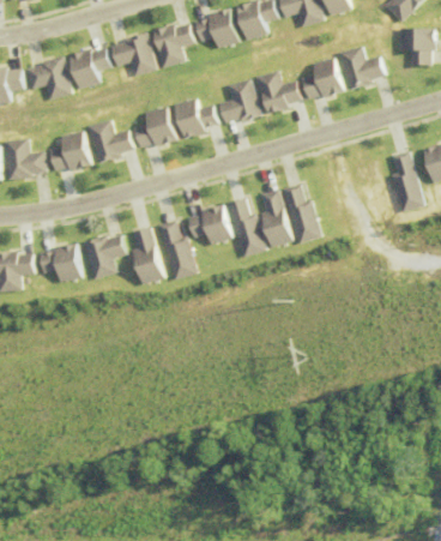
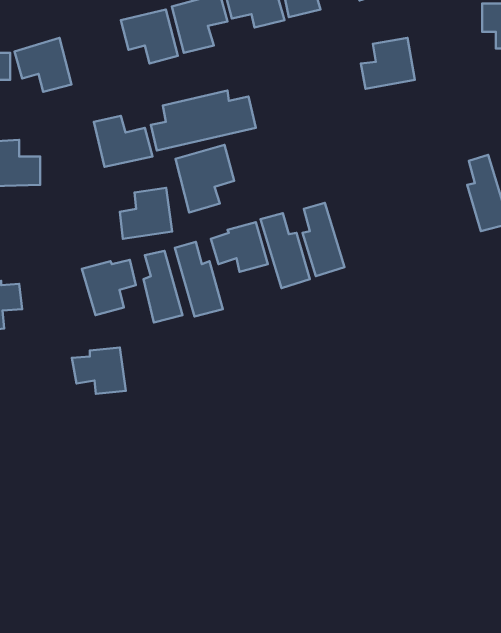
building: [340,46,388,88] -> none
building: [70,47,111,89] -> none
building: [256,71,304,113] -> none
building: [219,79,260,125] -> none
building: [52,131,93,172] -> [120,188,172,239]
building: none -> [176,145,234,212]
building: [279,185,318,244] -> none
building: [36,245,79,282] -> [72,347,126,394]

